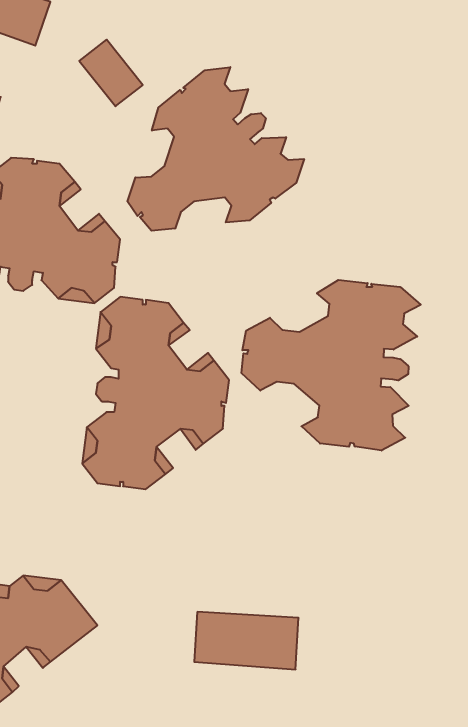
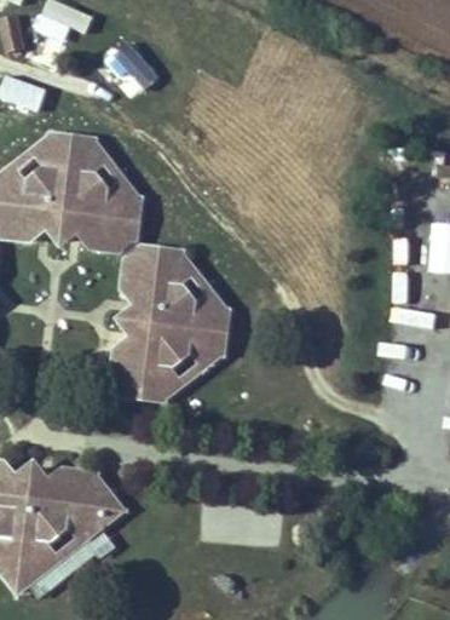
building: [127,67,304,231] -> none
building: [242,280,421,451] -> none

